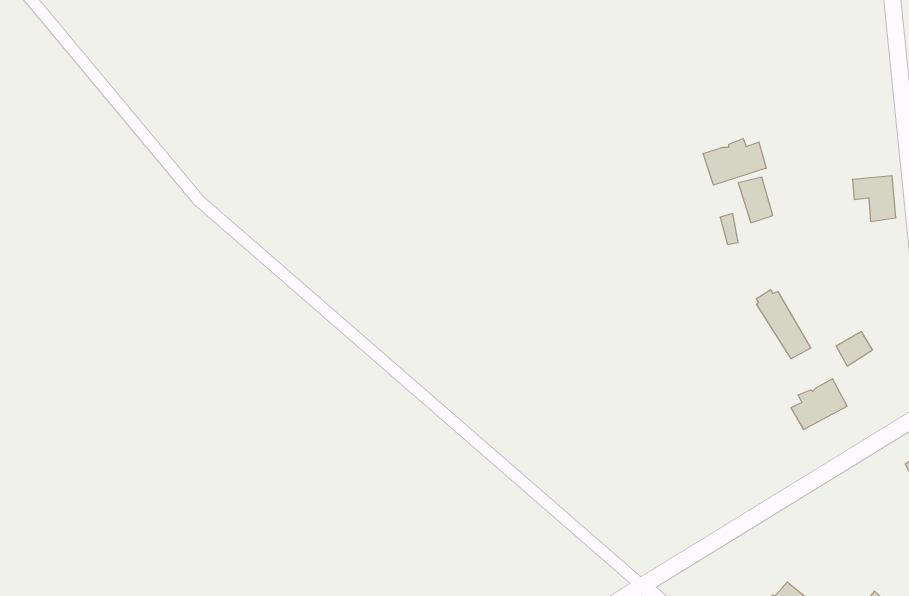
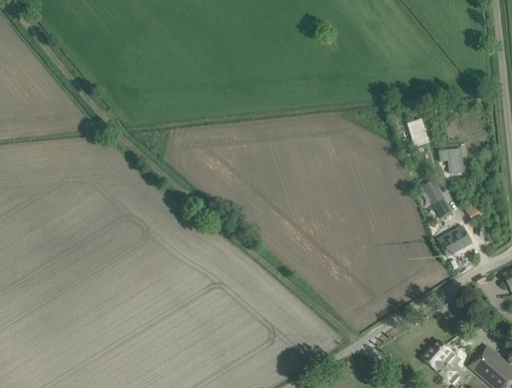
building: [703,138,766,185] -> none
building: [852,176,896,221] -> [440,148,464,173]

